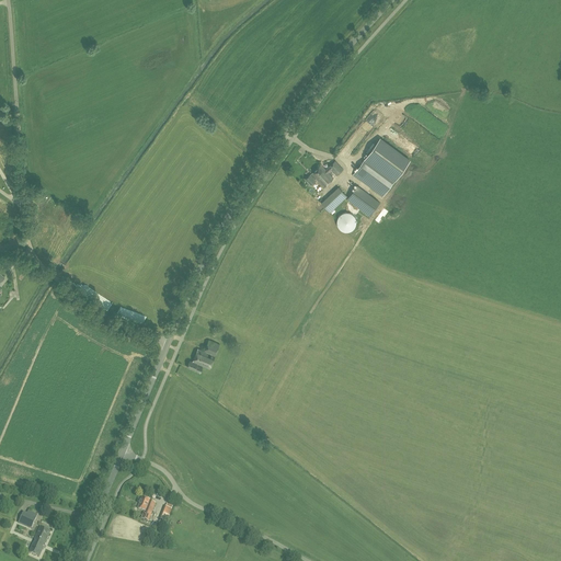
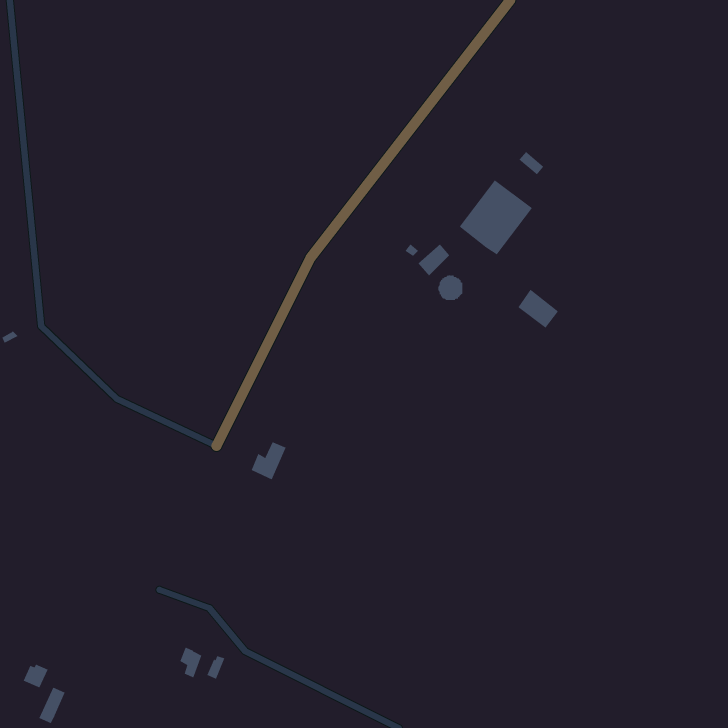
building: [305,161,343,187] -> none
building: [347,185,379,216] -> [517,289,559,329]

